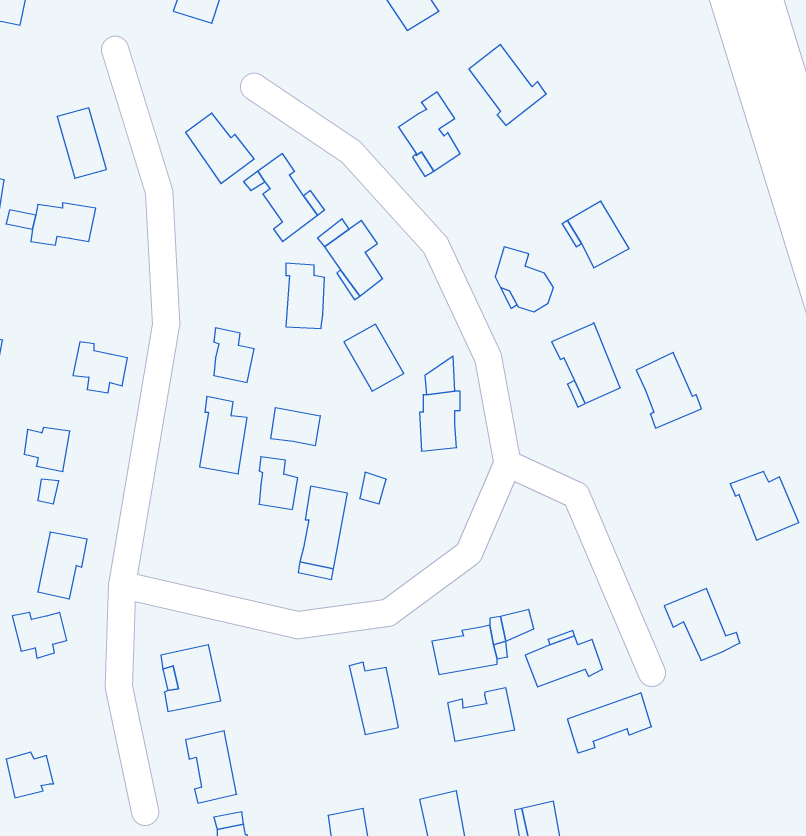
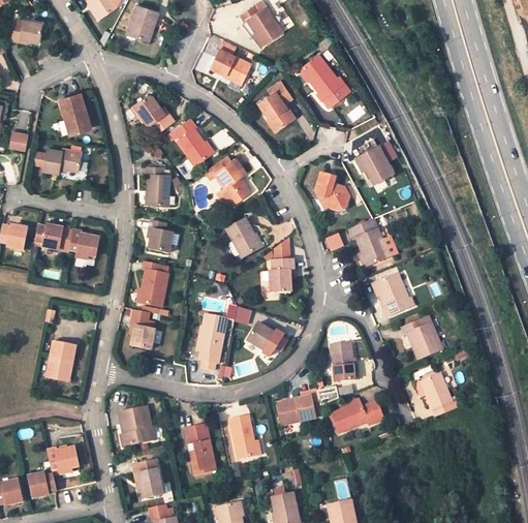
building: none -> [209,50,250,83]
building: [286,263,325,328] -> [148,166,170,205]
building: [636,352,701,428] -> [375,271,413,315]
building: [271,408,320,446] -> none
building: [24,428,70,472] -> [34,224,61,250]
building: [259,457,298,509] -> [133,317,156,348]
building: [730,471,799,540] -> [402,317,442,358]
building: none -> [249,321,285,350]
building: none -> [332,340,356,379]
building: [12,612,67,658] -> [46,445,79,472]
building: none -> [186,424,216,471]
building: [448,688,514,741] -> none
building: [568,693,651,753] -> none

